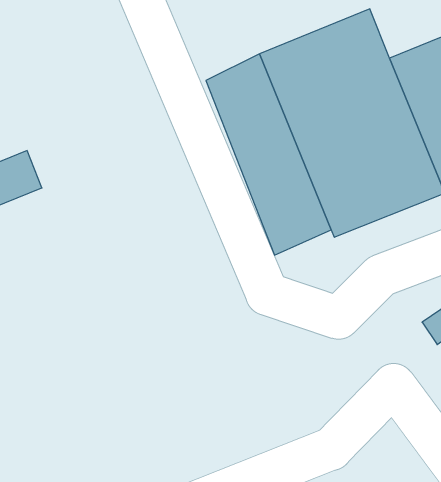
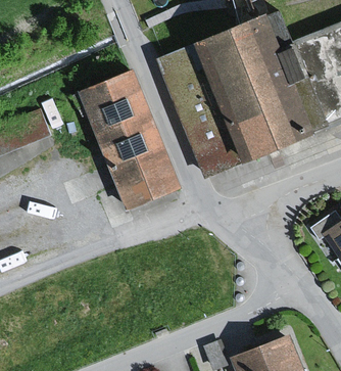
building: none -> [81,74,176,208]

